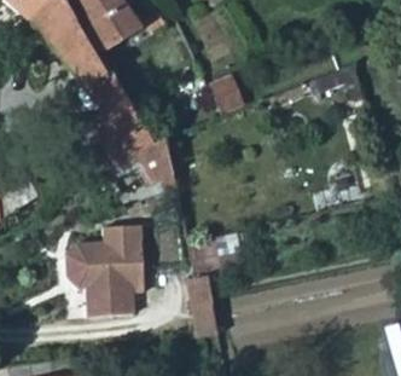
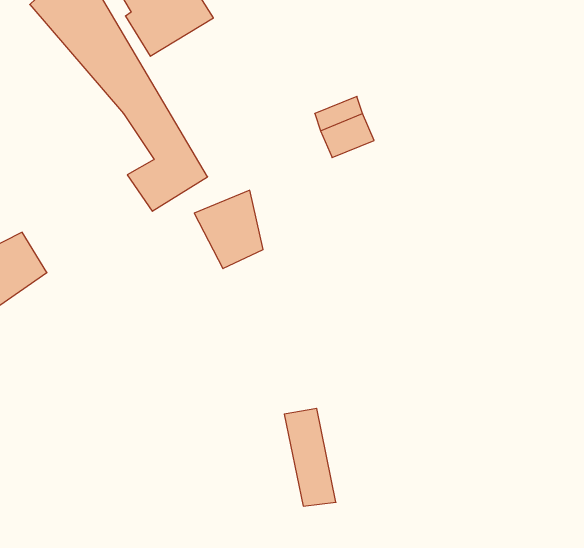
building: [63,219,143,313] -> none

